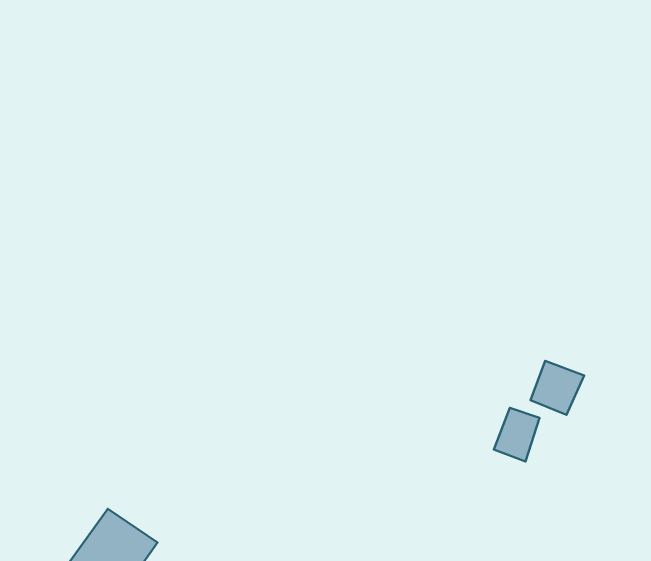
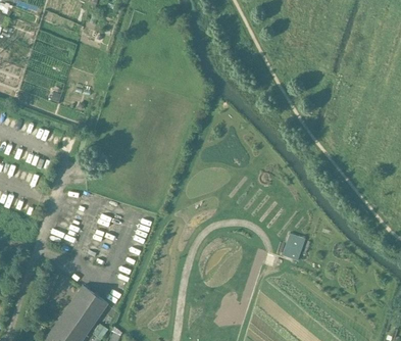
building: [531,361,584,415] -> none

